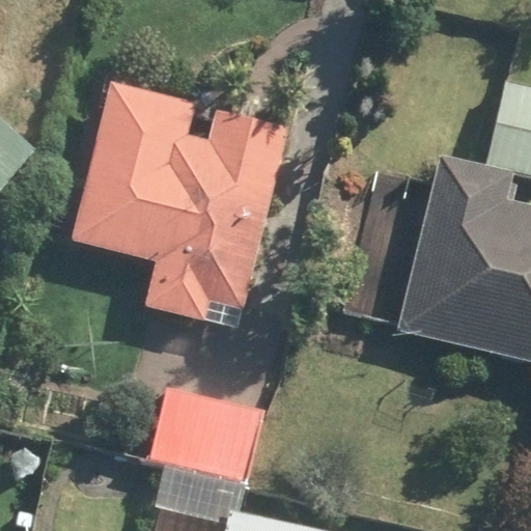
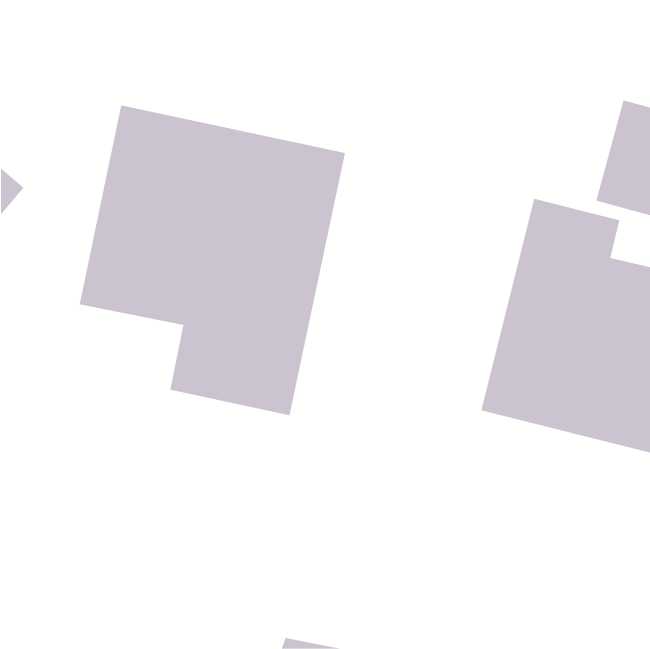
building: [152,387,266,479] -> none

